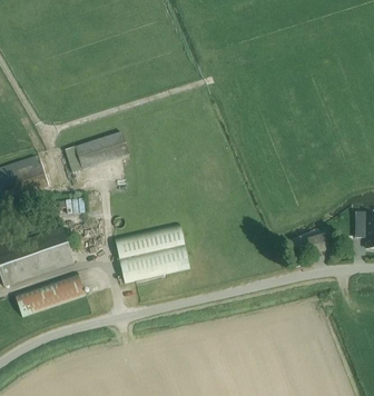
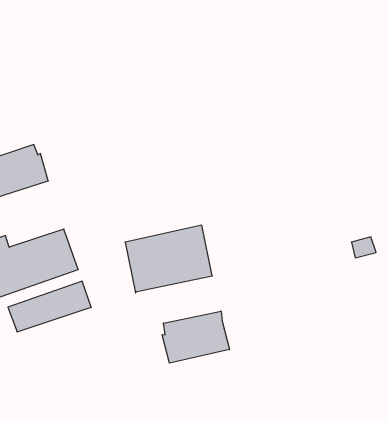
building: [65,132,128,174] -> none
building: none -> [162,311,230,363]

